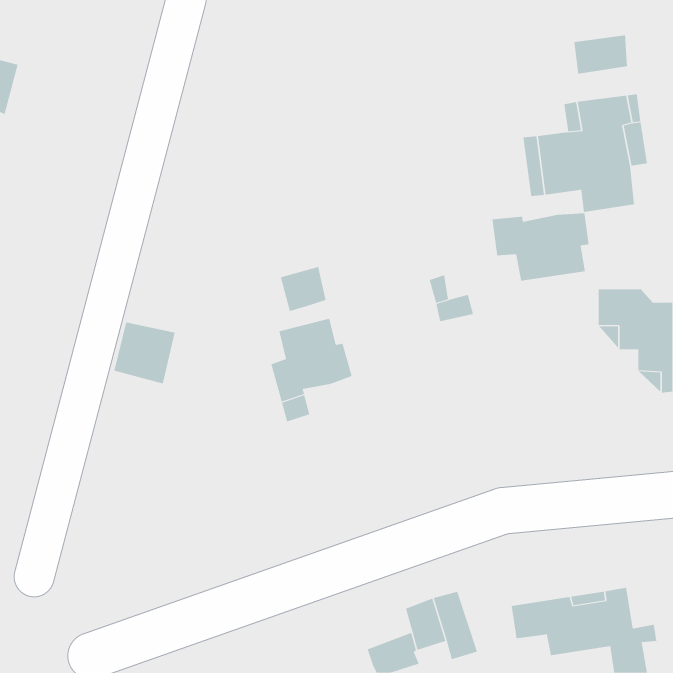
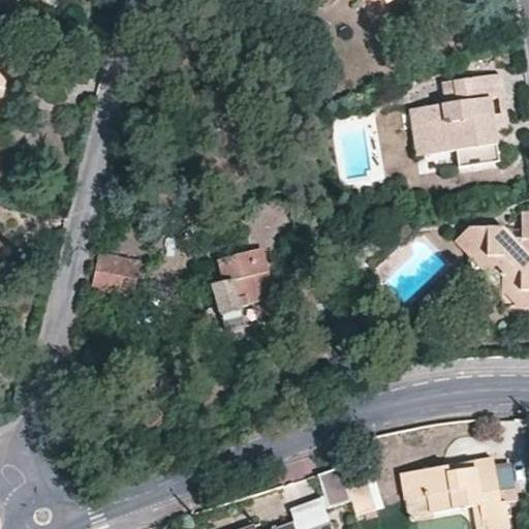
building: [574,34,628,74] -> none
building: [492,212,589,282] -> none
building: [280,266,326,312] -> none

